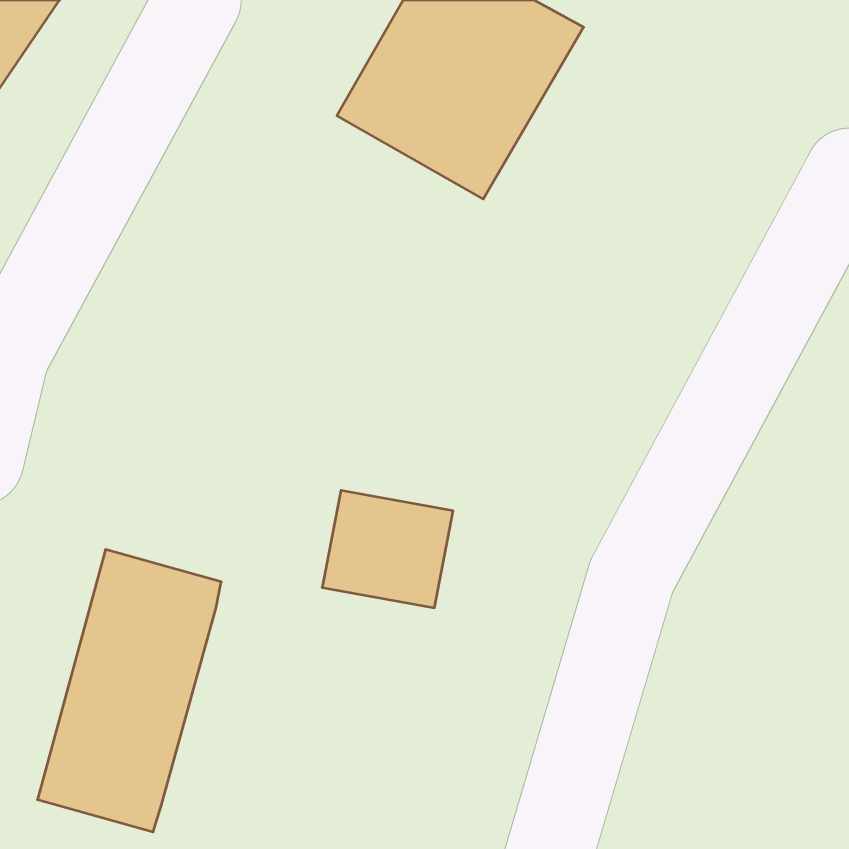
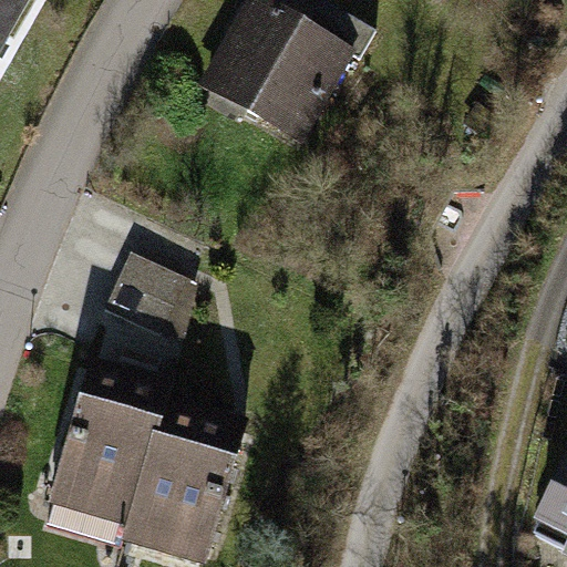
building: [322,490,453,608] -> [106,277,192,353]
building: none -> [105,409,223,559]

